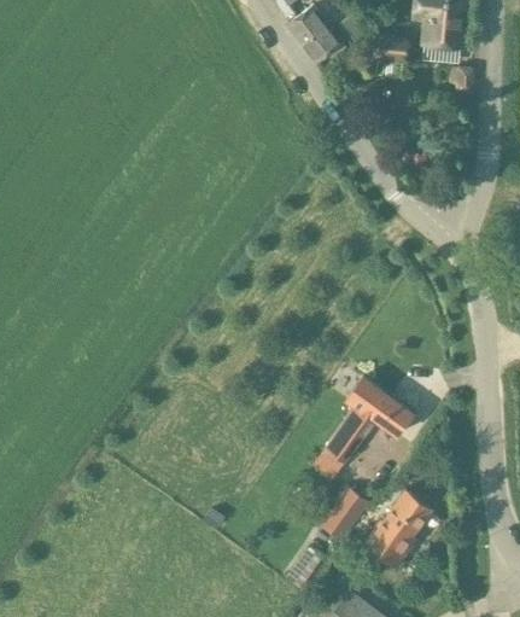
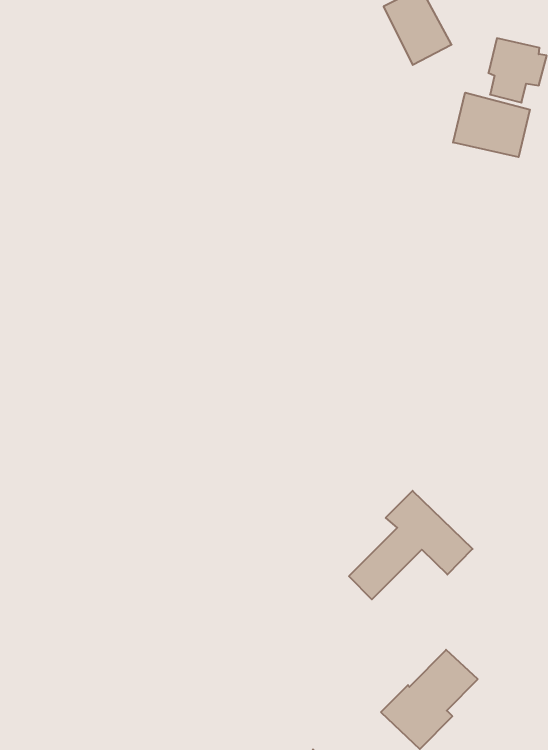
building: none -> [453,93,530,157]
building: [321,491,366,540] -> none

